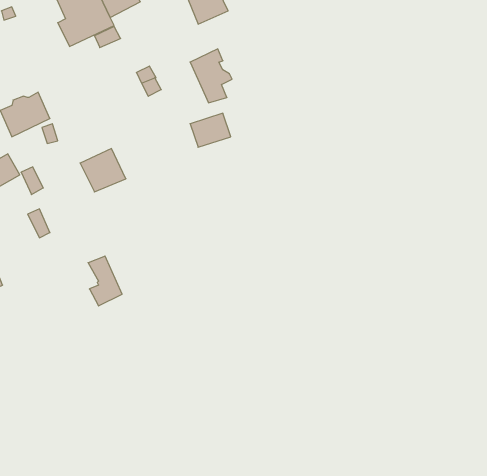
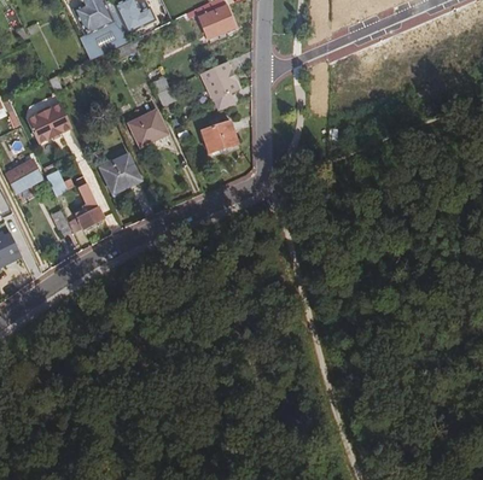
building: none -> [128,110,168,147]
building: [88,256,122,306] -> [72,182,104,228]

